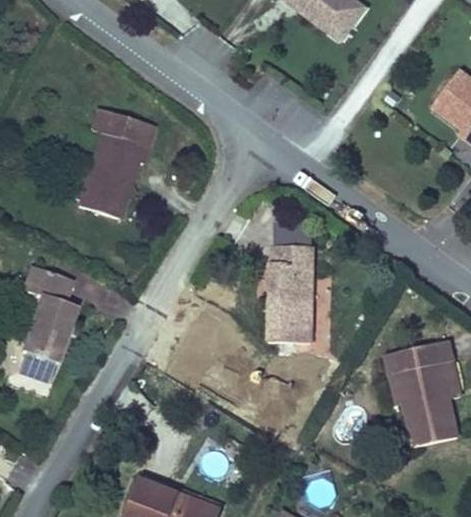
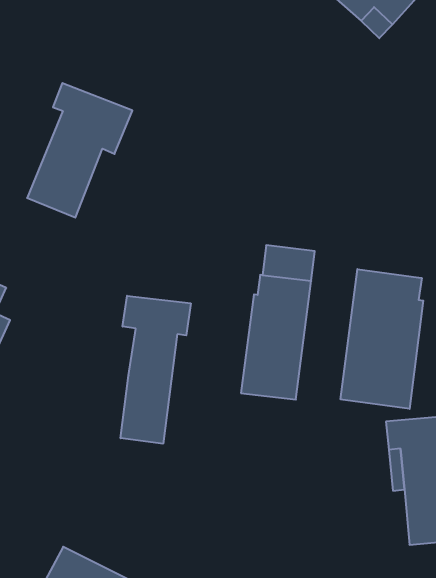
building: none -> [341,269,423,409]
building: none -> [121,296,191,444]

